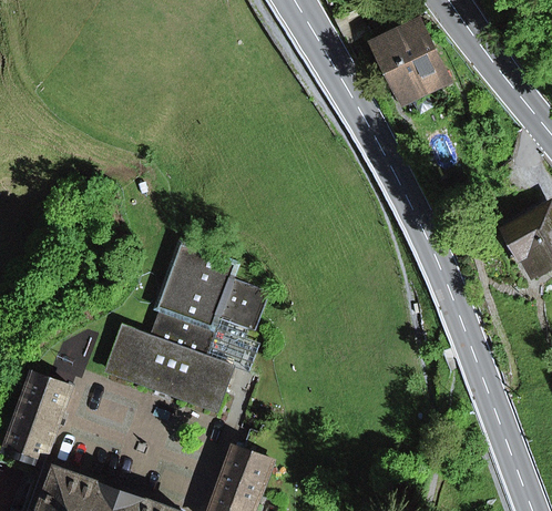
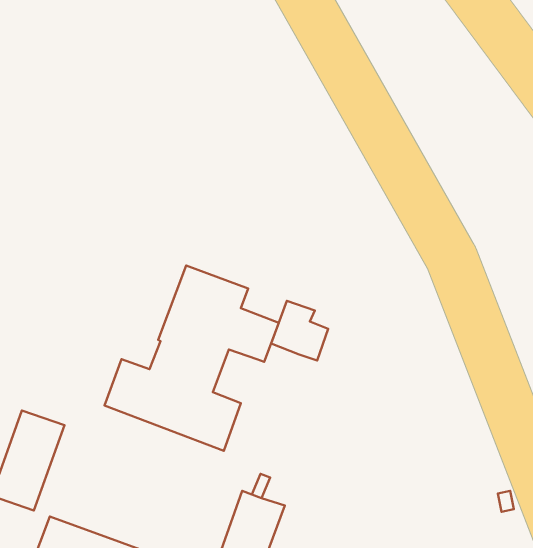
building: [375,24,447,102] -> none
building: [205,319,257,374] -> [271,301,328,360]

